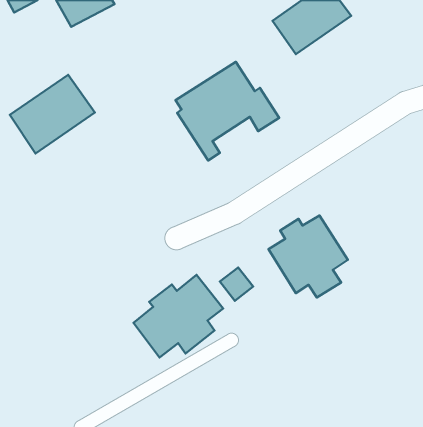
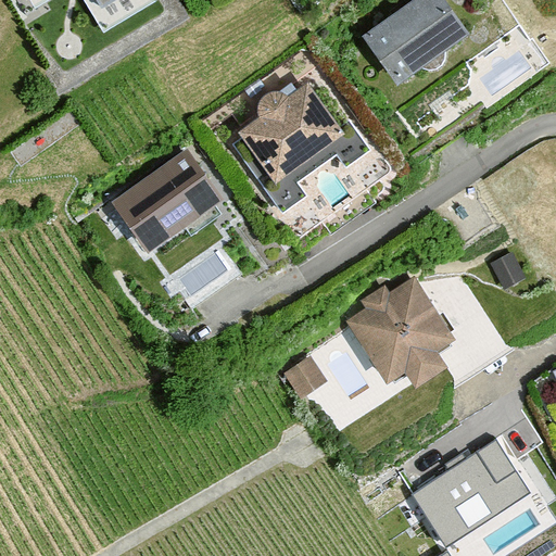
building: [10,75,95,153] -> [98,152,208,254]
building: [133,275,223,357] -> none
building: none -> [421,448,532,548]

